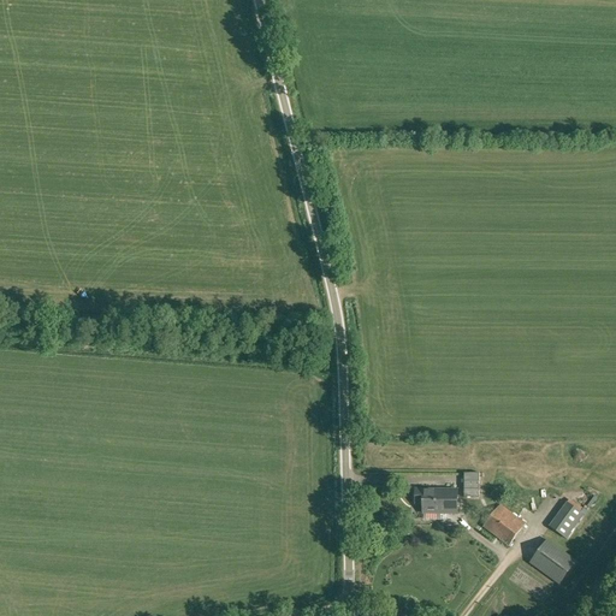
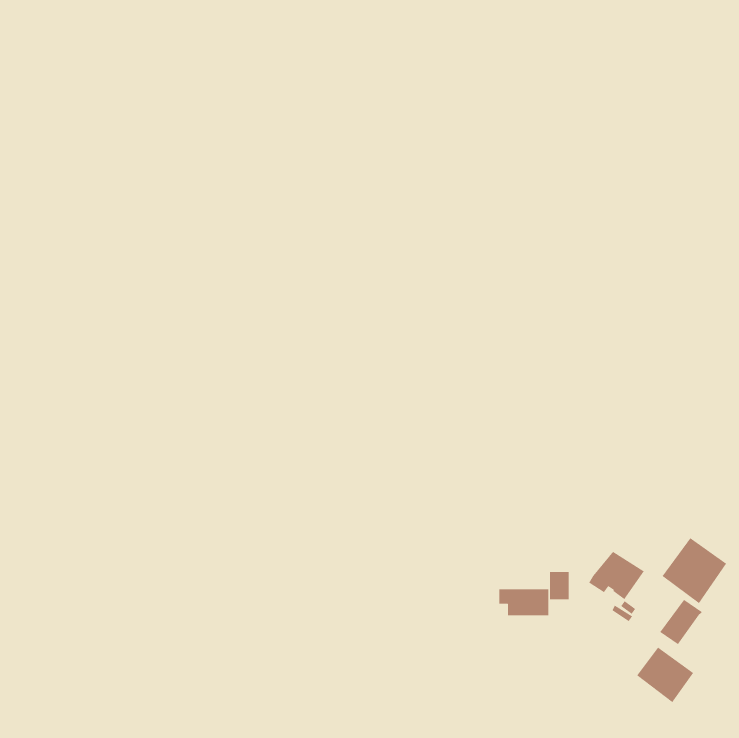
building: none -> [662,537,727,604]
building: [478,504,525,545] -> [588,551,645,600]

